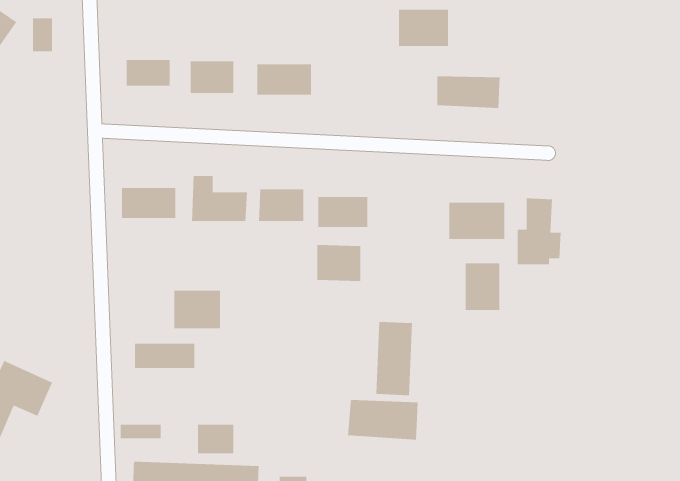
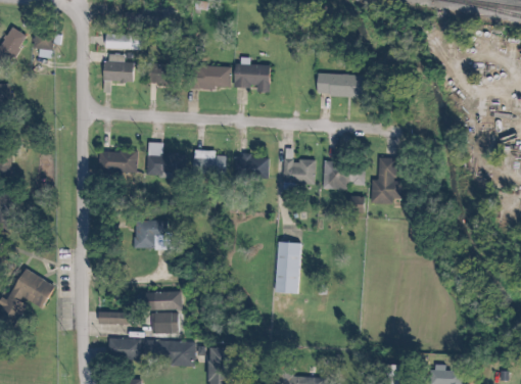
building: [398,9,449,46] -> [234,63,269,89]
building: none -> [105,34,141,49]
building: [317,244,361,282] -> [284,158,315,184]
building: [465,263,500,311] -> none
building: [134,343,195,369] -> [139,292,181,309]
building: [348,399,418,440] -> none

